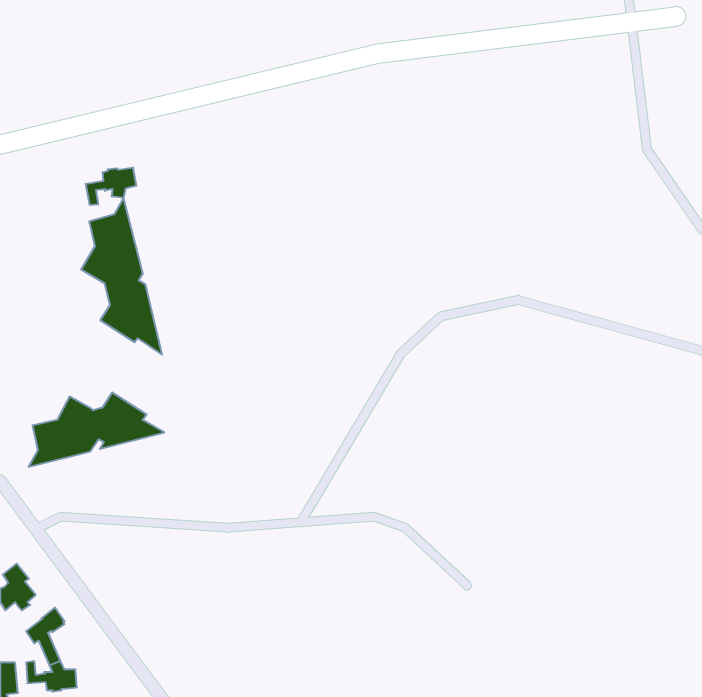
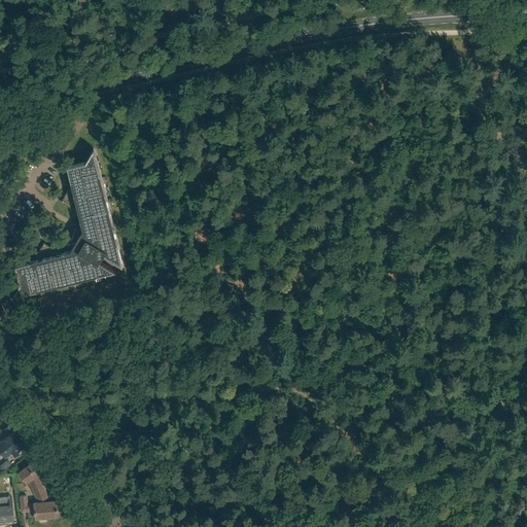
building: [86,167,136,205] -> none
building: [28,392,164,467] -> [12,244,114,300]

